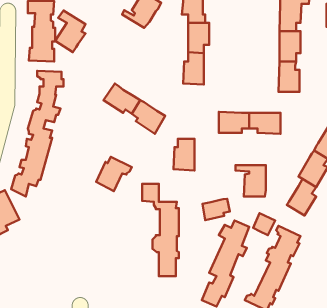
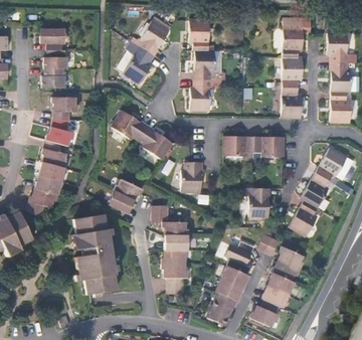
building: [55,10,86,52] -> [123,42,152,82]
building: none -> [69,214,115,296]
building: [202,199,230,220] -> none

